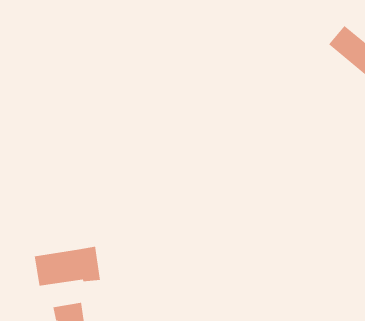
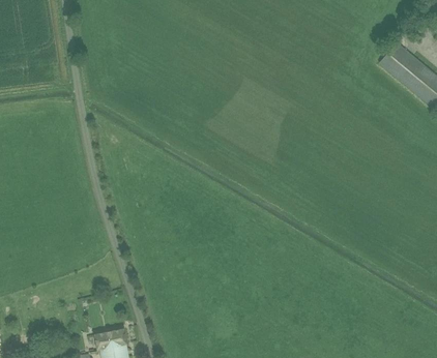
building: [34,246,101,286] -> none

